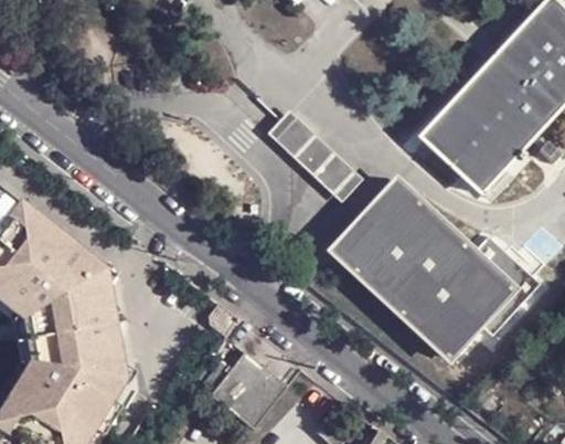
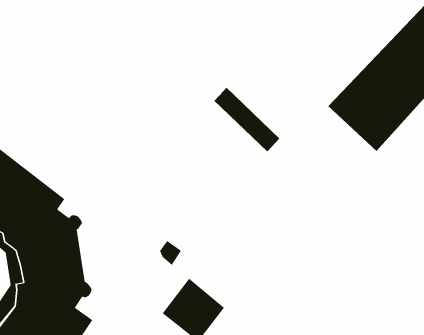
building: [330,181,534,356] -> none

